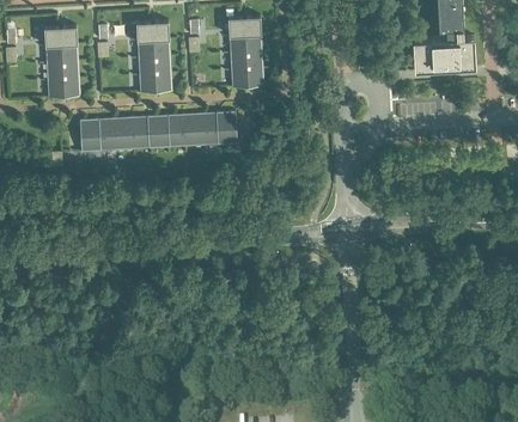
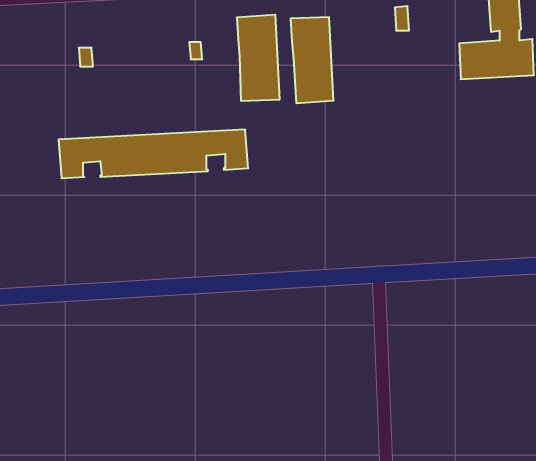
building: [135,22,171,93] -> [291,17,334,103]
building: [44,26,80,98] -> none

